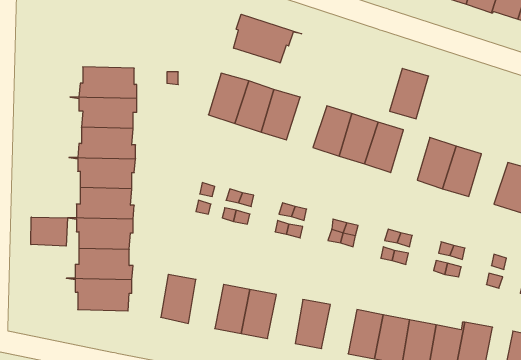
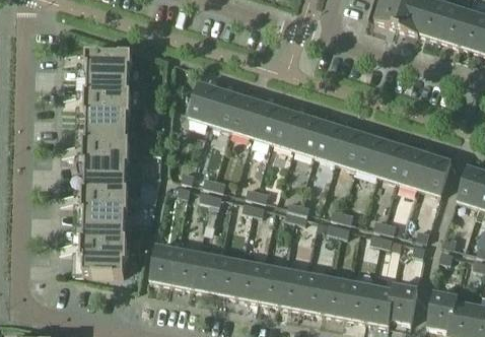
building: [234,14,302,63] -> none
building: none -> [85,52,132,78]
building: [390,68,429,119] -> [336,128,367,168]
building: none -> [252,102,284,142]
building: none -> [399,147,430,188]
building: [31,217,68,246] -> none
building: none -> [172,249,201,288]
building: none -> [236,261,265,300]
building: none -> [280,269,308,309]

